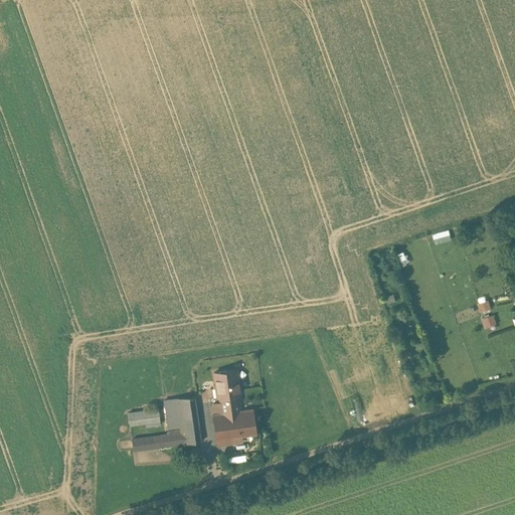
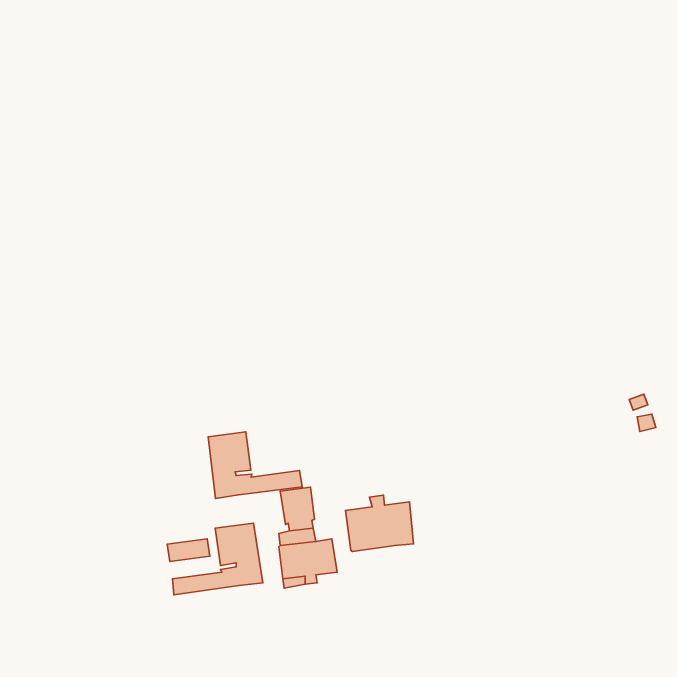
building: none -> [208,432,302,498]
building: none -> [345,495,414,552]

